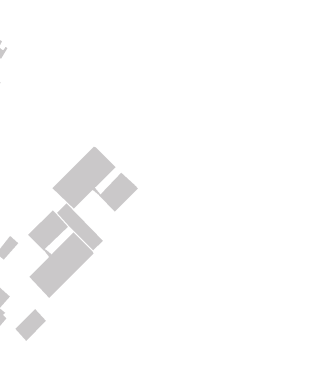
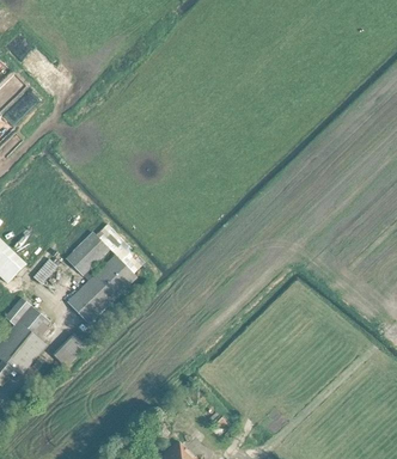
building: [51,146,139,212] -> none

